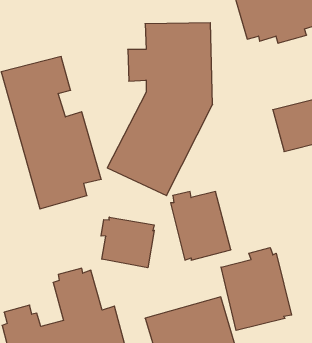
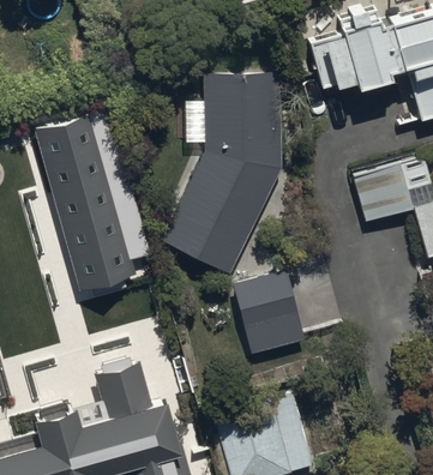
building: [101,217,154,268] -> none
building: [221,248,292,330] -> none

